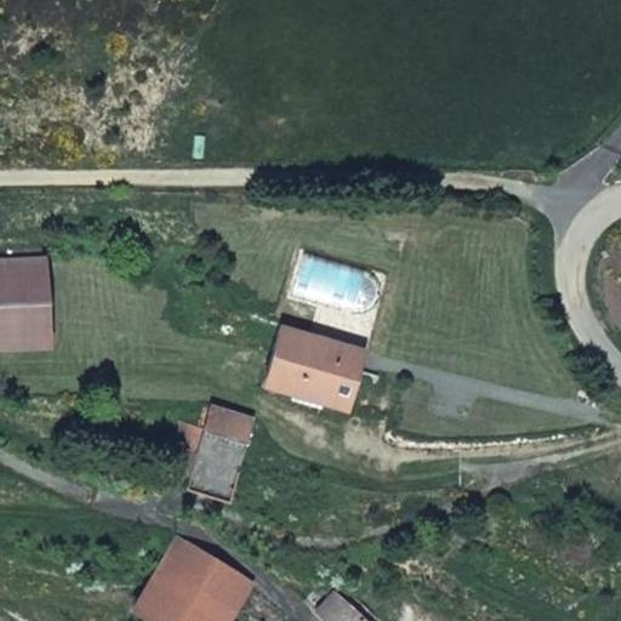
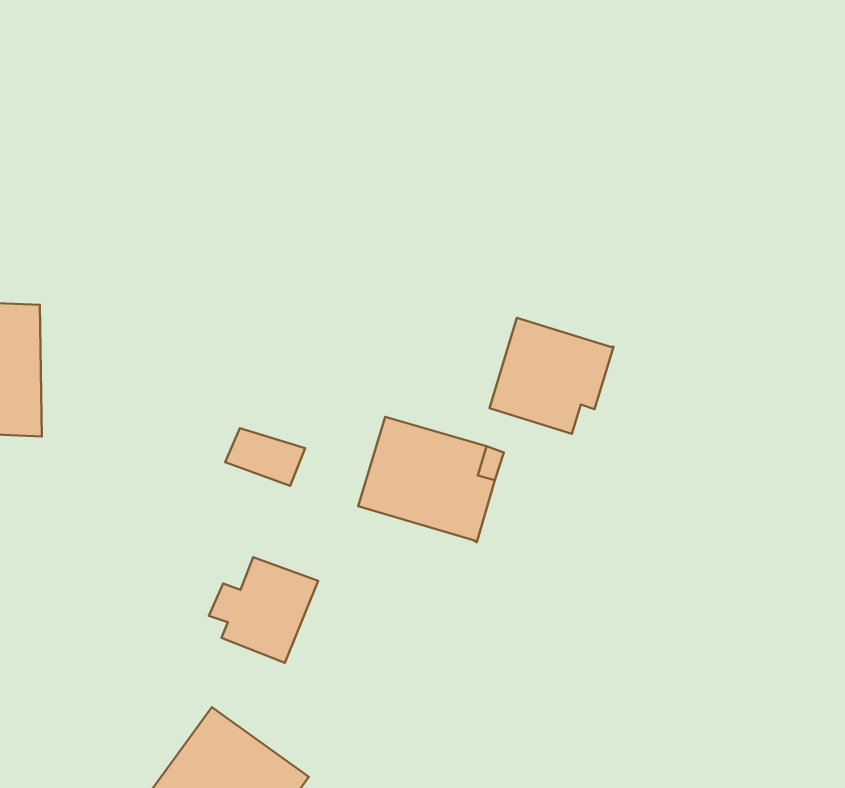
building: none -> [490,318,614,434]
building: [200,405,255,443] -> [225,428,305,486]

